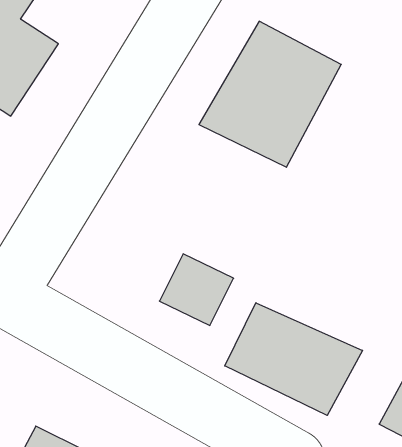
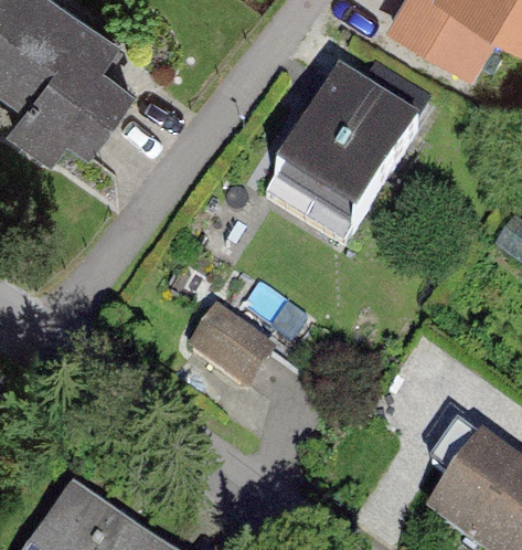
building: [225,303,363,415] -> none

